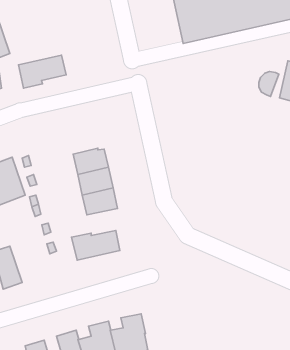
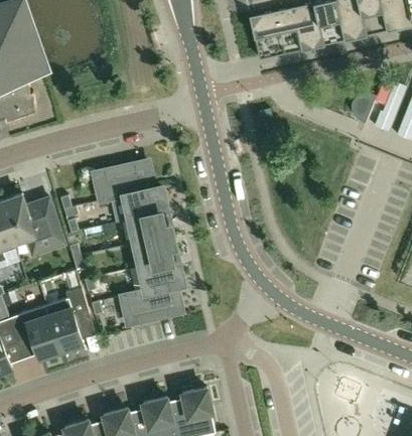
building: [19,55,66,88] -> [95,162,153,202]
building: none -> [140,260,182,293]
building: none -> [45,288,89,350]

